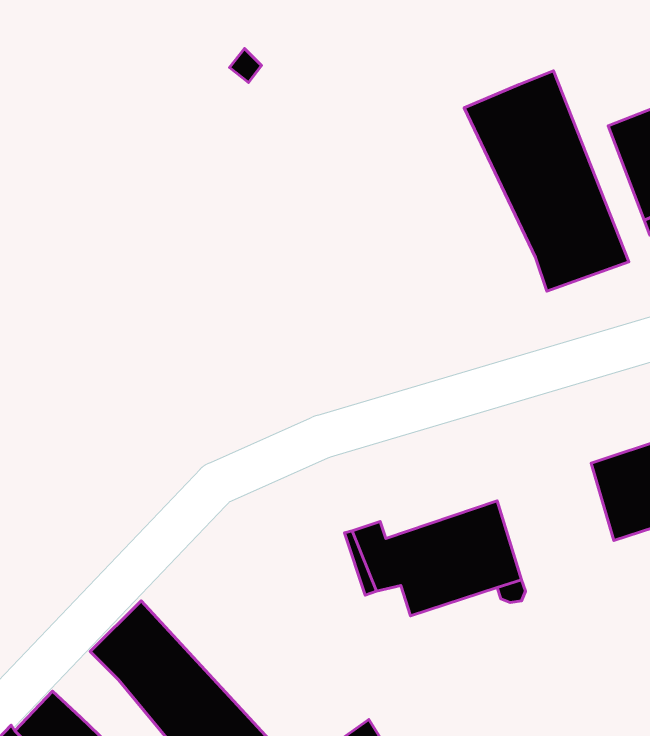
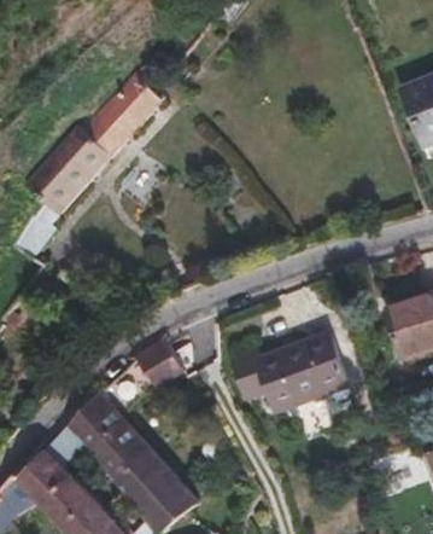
building: [464,71,629,291] -> none
building: none -> [19,65,164,248]
building: none -> [136,342,185,388]

